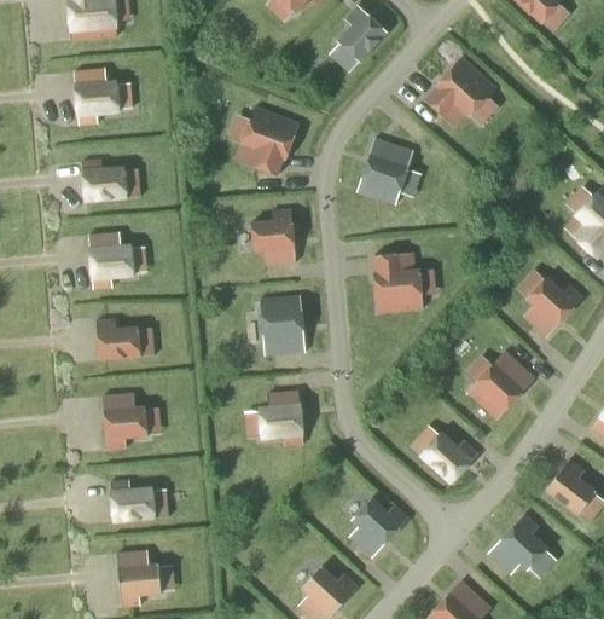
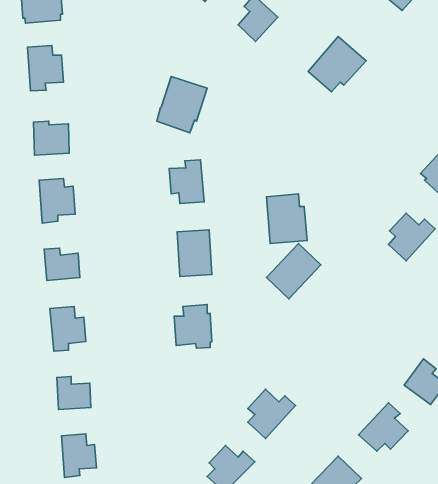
building: [358,138,413,204] -> none
building: [469,351,536,420] -> [266,244,321,299]
building: [419,430,480,484] -> none

